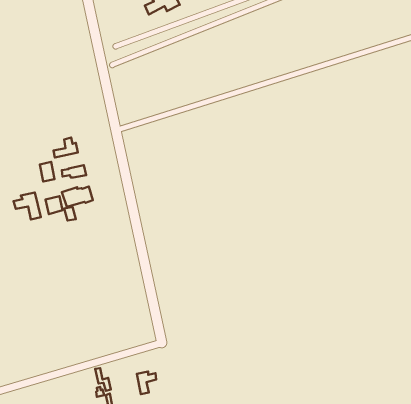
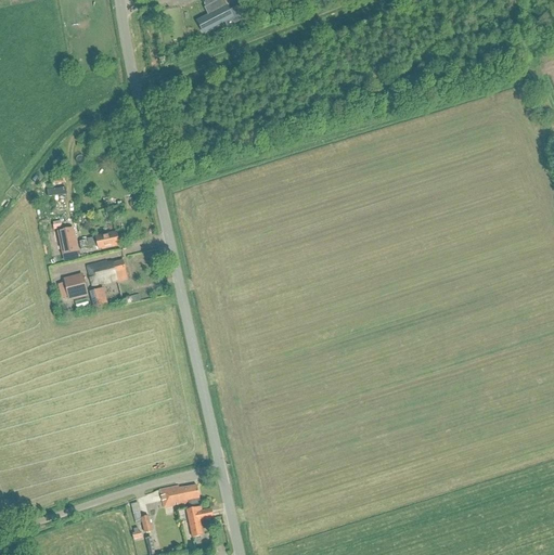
building: [54,138,78,157] -> none
building: [14,193,41,220] -> none
building: none -> [160,483,199,507]

